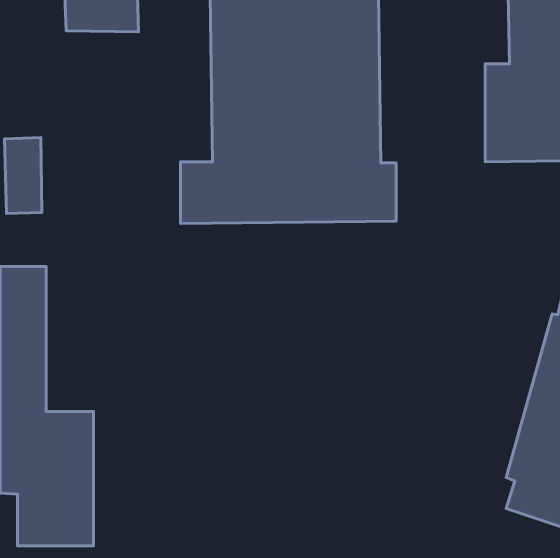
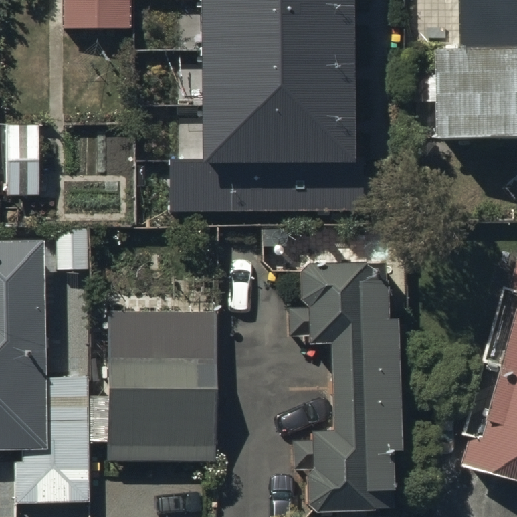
building: none -> [297,251,408,500]
building: none -> [108,312,216,462]

